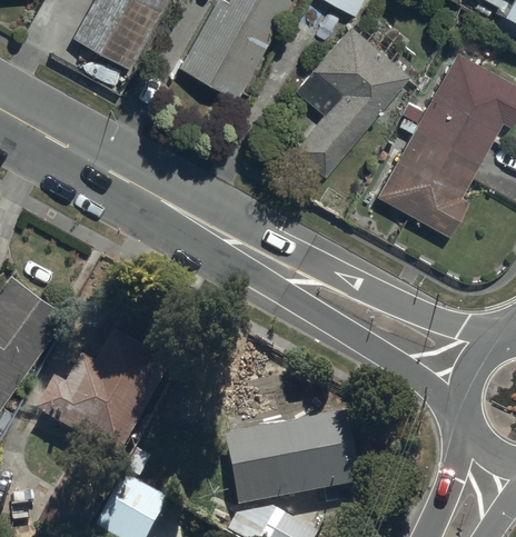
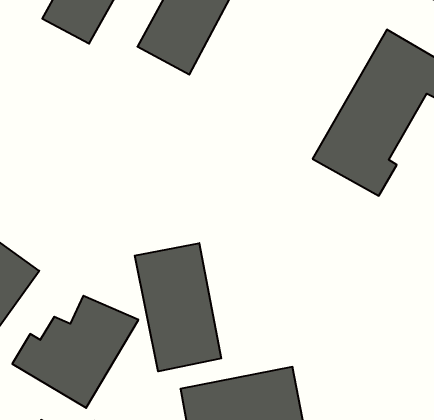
building: [294,21,409,171] -> none
building: none -> [135,243,221,371]

